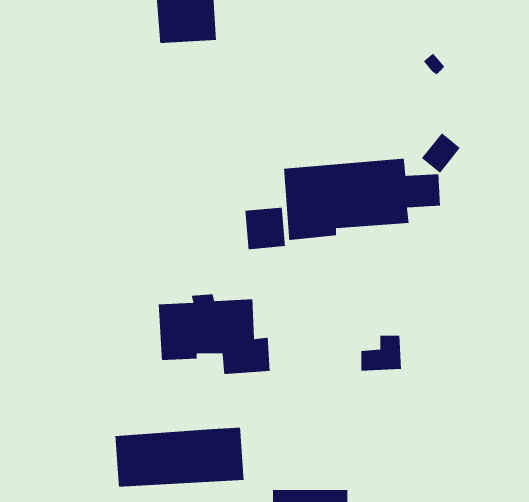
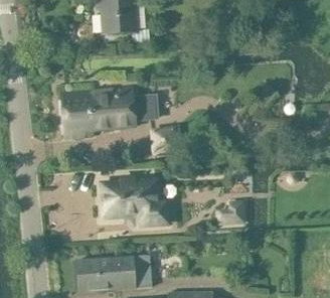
building: [283,158,441,241] -> [62,87,154,135]

